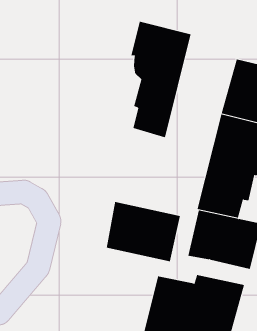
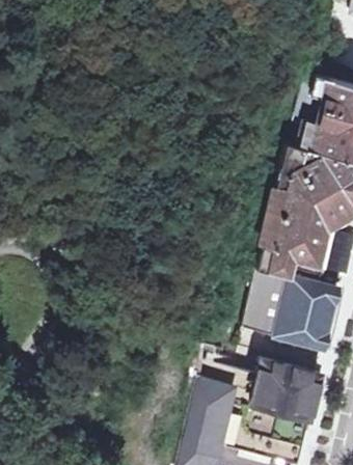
building: [131,21,191,138] -> none
building: [106,201,180,262] -> none

